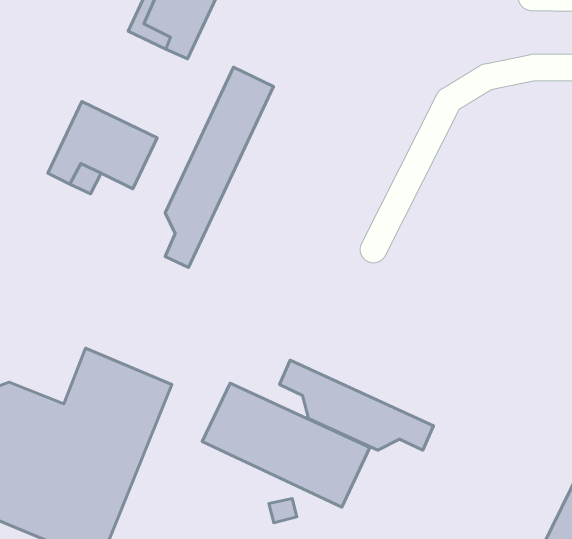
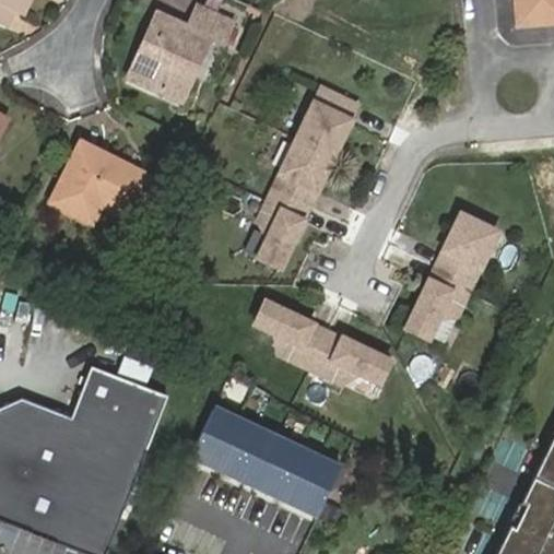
building: [165,67,273,267] -> [261,87,358,268]
building: none -> [411,213,500,337]
building: [279,360,434,450] -> [257,302,396,382]

